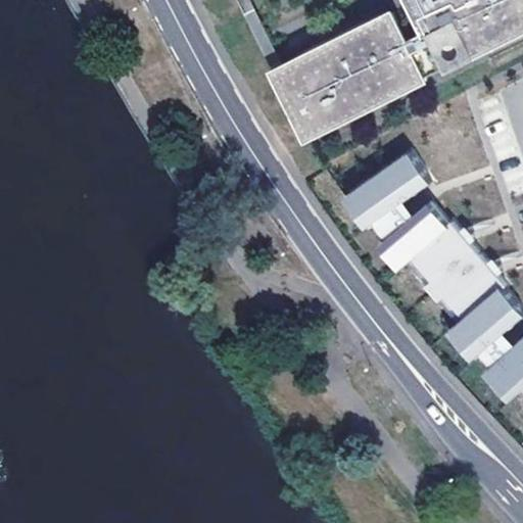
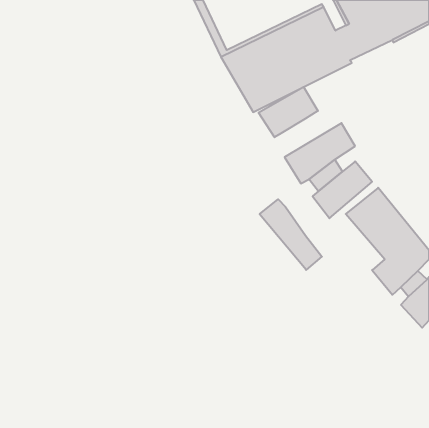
building: none -> [259,87,318,137]
building: none -> [260,199,322,270]

